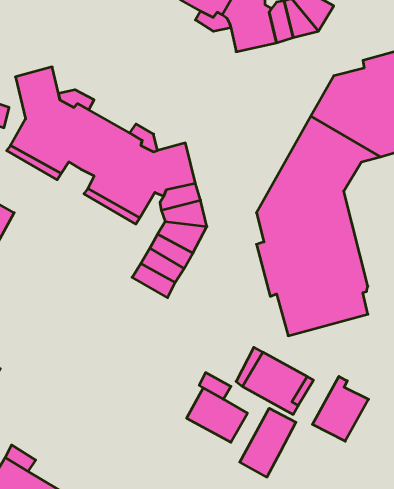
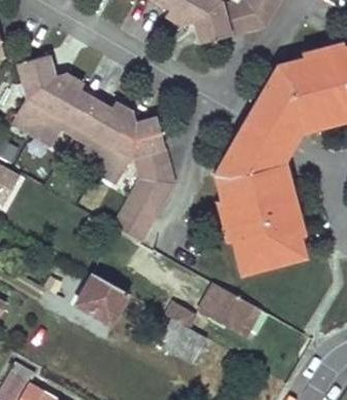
building: none -> [77,271,127,320]
building: [312,376,369,441] -> none
building: [240,408,296,477] -> none

